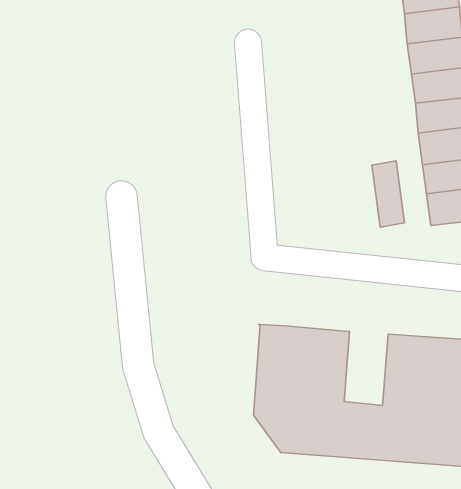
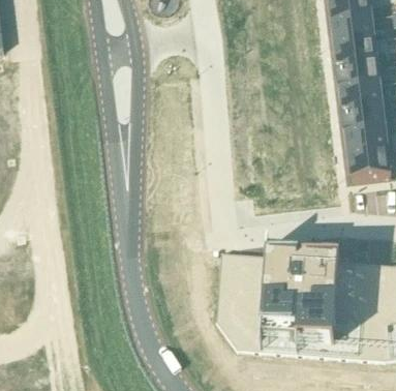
building: [372,161,405,227] -> none
building: none -> [283,253,316,314]

